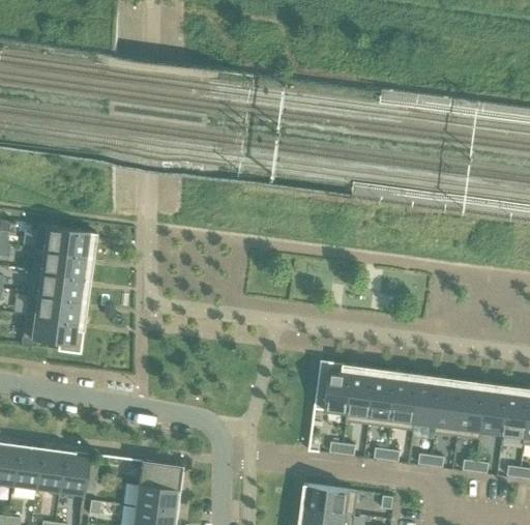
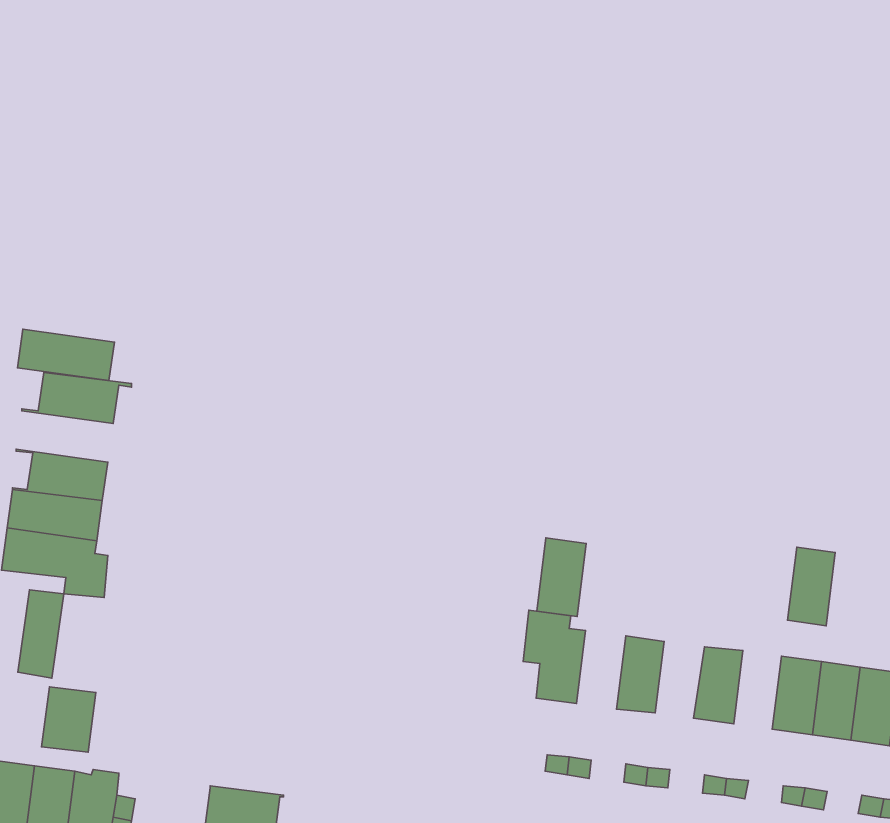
building: [30,249,85,278] -> [17,329,114,381]
building: none -> [18,590,64,678]
building: [347,373,375,417] -> [537,538,586,617]
building: [391,379,419,422] -> none
building: [436,384,463,429] -> [788,547,835,626]
building: none -> [42,687,96,752]

